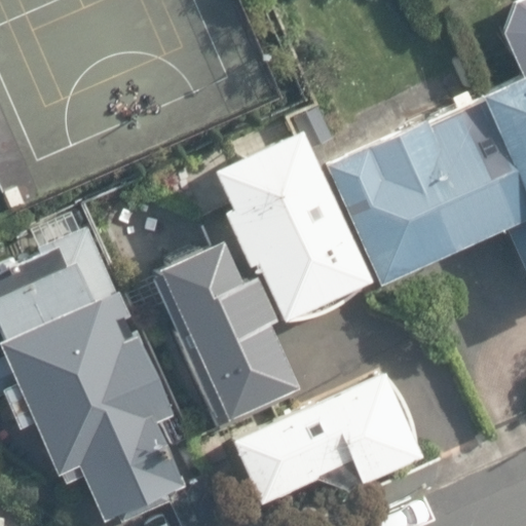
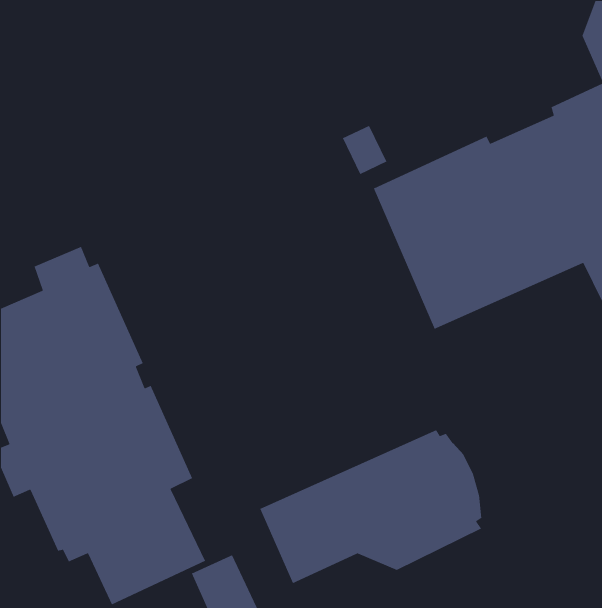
building: [213,132,372,324] -> none
building: [158,240,299,430] -> none

